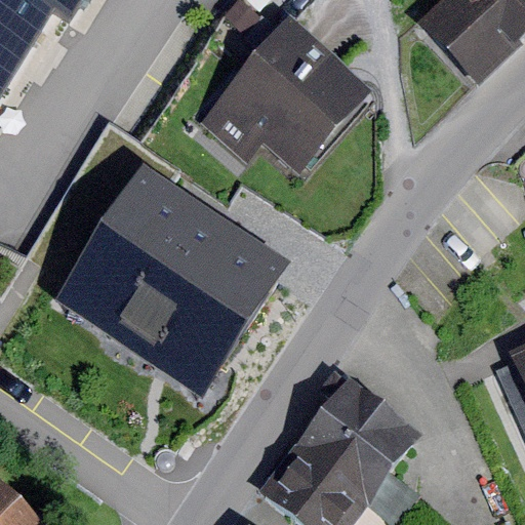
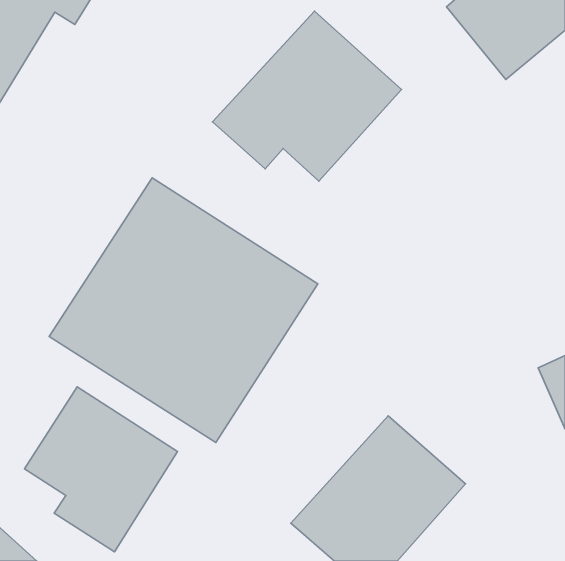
building: none -> [25,387,177,552]

